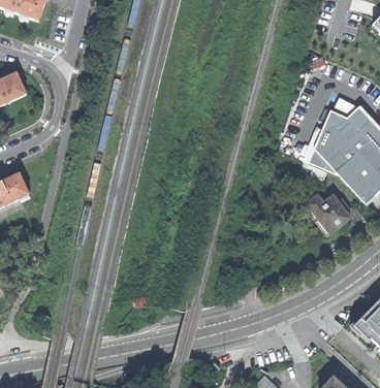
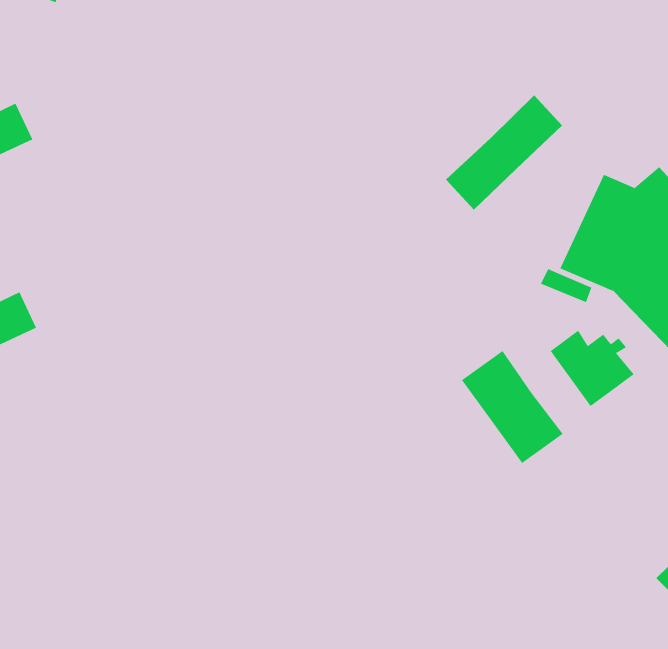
building: none -> [445,95,563,210]
building: none -> [461,350,563,464]

